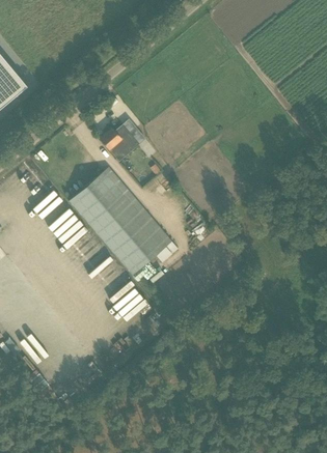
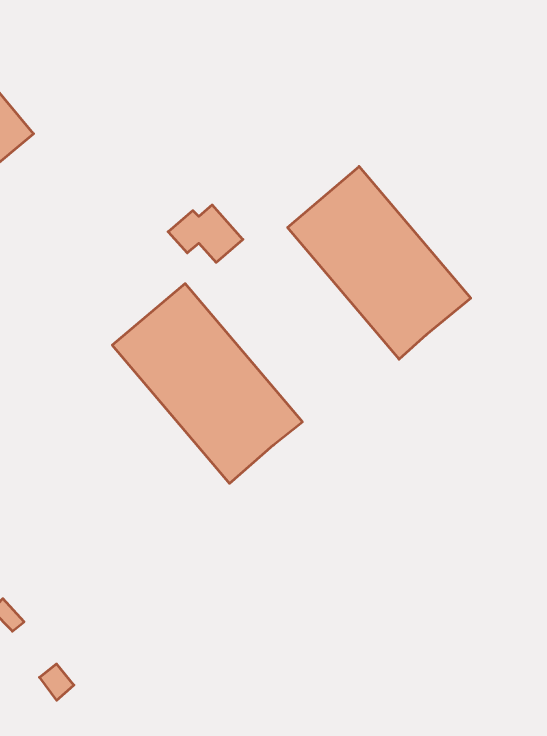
building: none -> [288,166,471,359]

